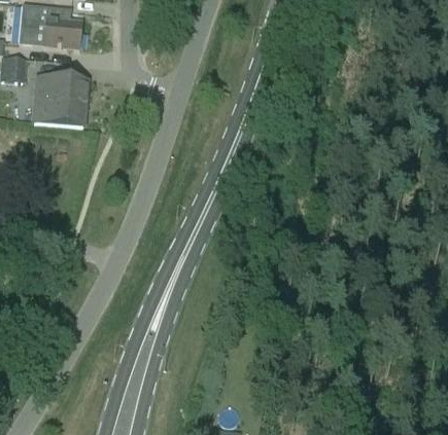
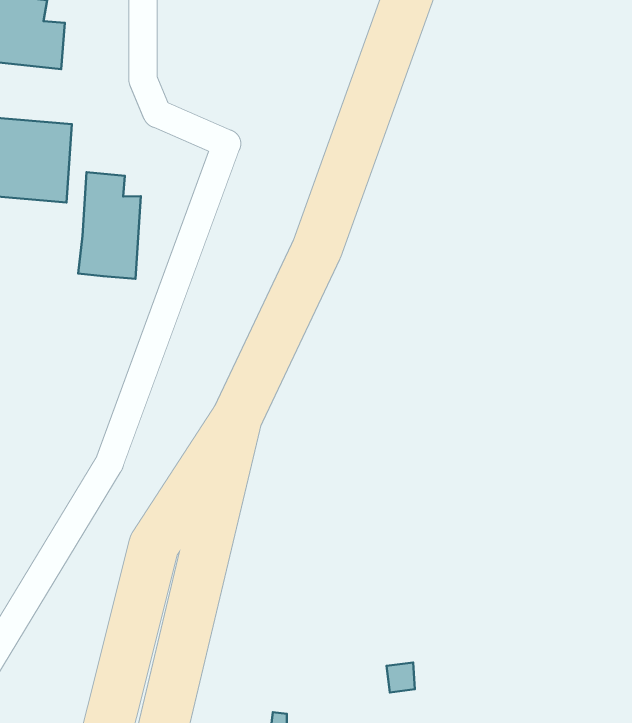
building: none -> [78,172,141,279]

